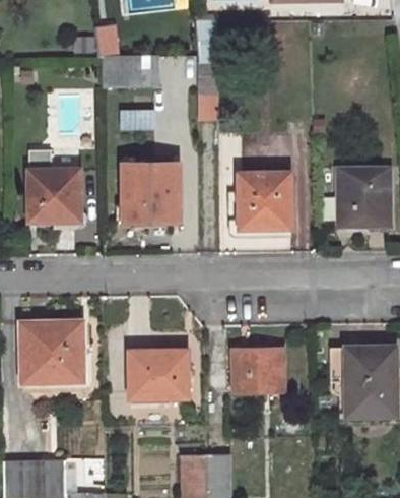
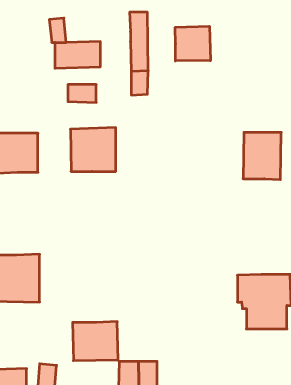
building: none -> [175,26,210,61]
building: [239,171,288,227] -> none
building: [128,349,185,397] -> [73,322,118,361]
building: [232,349,283,389] -> none

